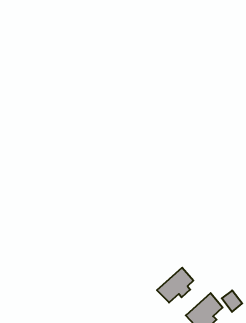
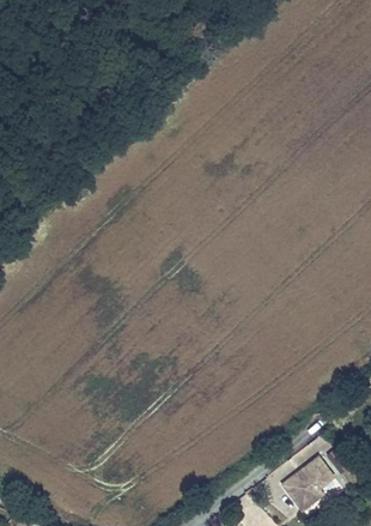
building: [157,268,193,303] -> none

